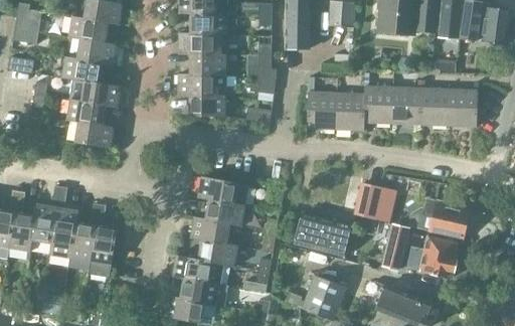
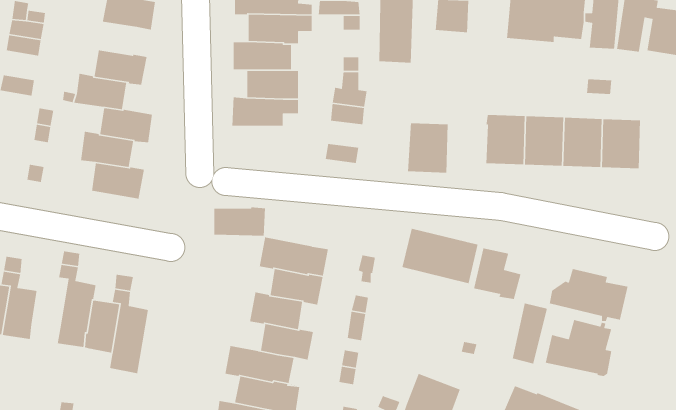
building: [68,16,108,43] -> none
building: [335,94,364,131] -> none
building: [188,95,226,117] -> [213,206,266,237]
building: [31,204,57,243] -> none
building: [294,214,350,256] -> [402,228,479,284]

